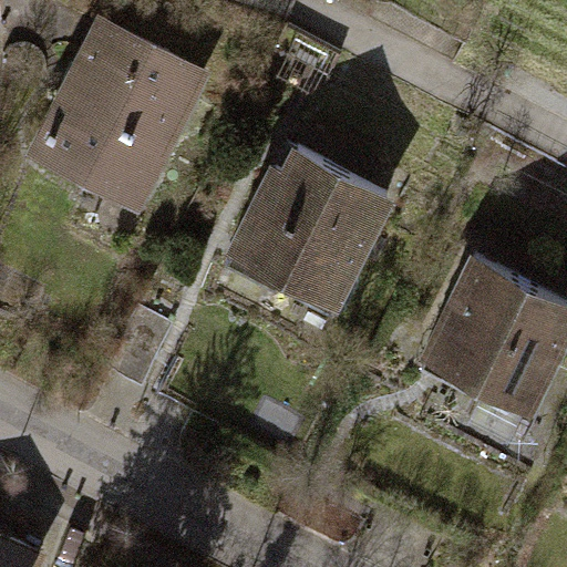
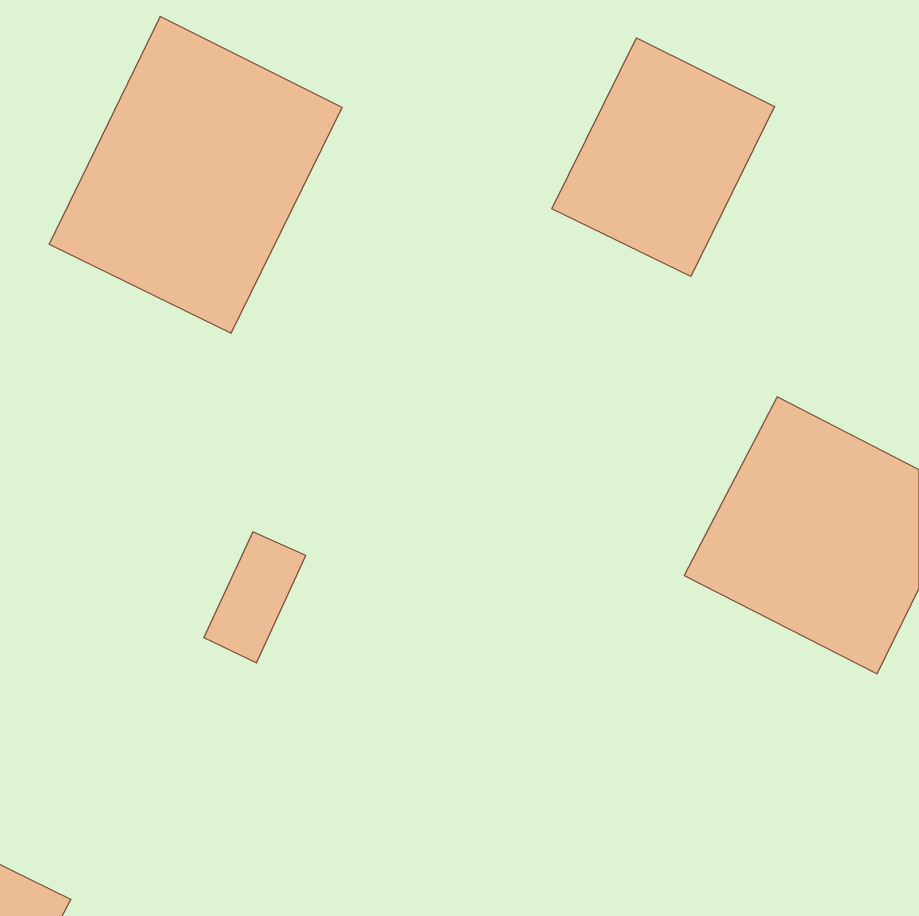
building: none -> [552,38,775,276]
building: [221,143,393,322] -> none

